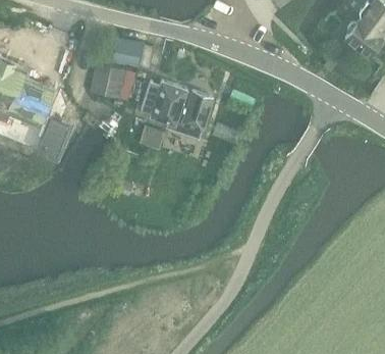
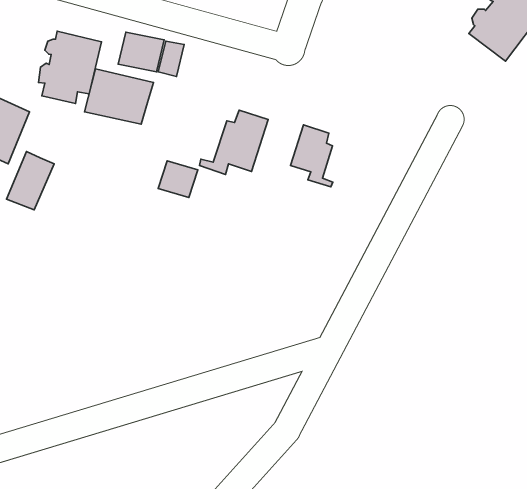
building: none -> [38,31,101,103]
building: [139,81,185,125] -> none
building: none -> [291,125,333,187]

